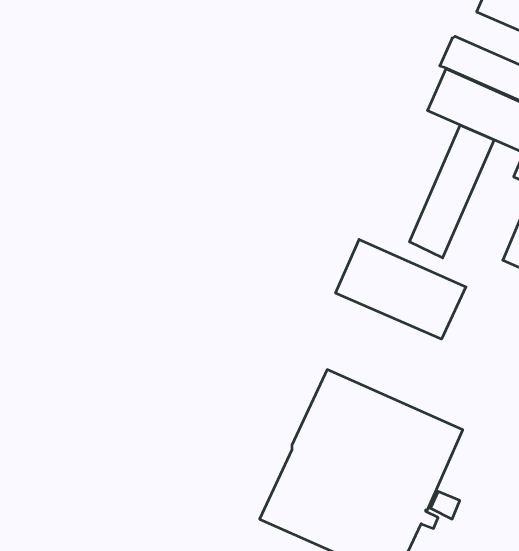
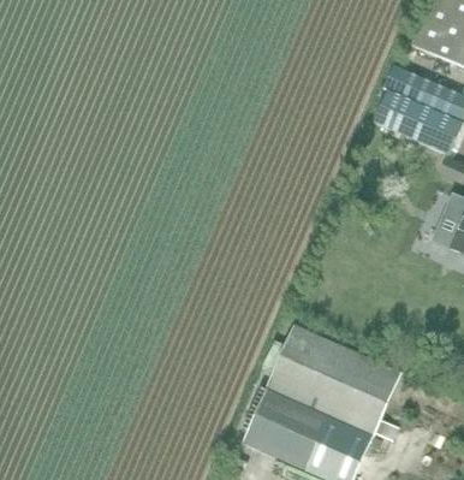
building: [410,125,494,258] -> none
building: [336,239,466,339] -> none

